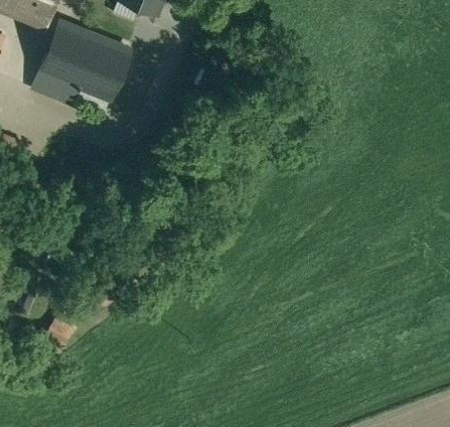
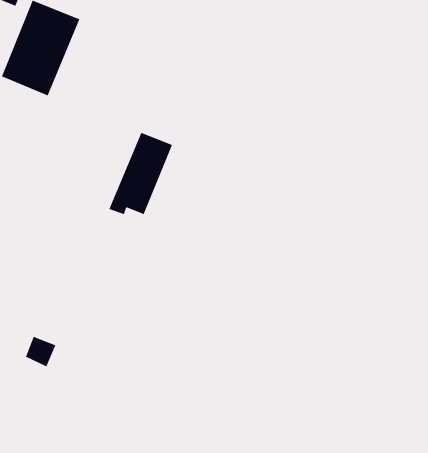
building: [73,37,130,110] -> [109,132,173,215]

